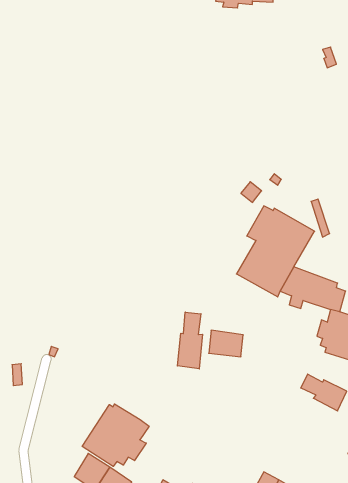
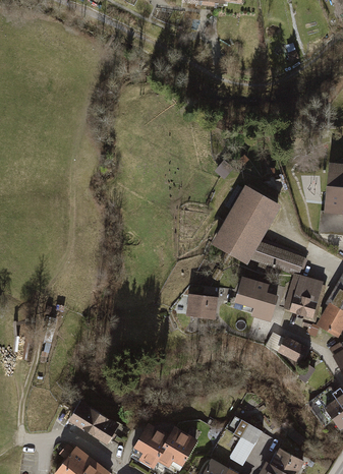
building: none -> [234,275,278,319]
building: [177,312,202,369] -> none
building: [82,404,149,466] -> none

